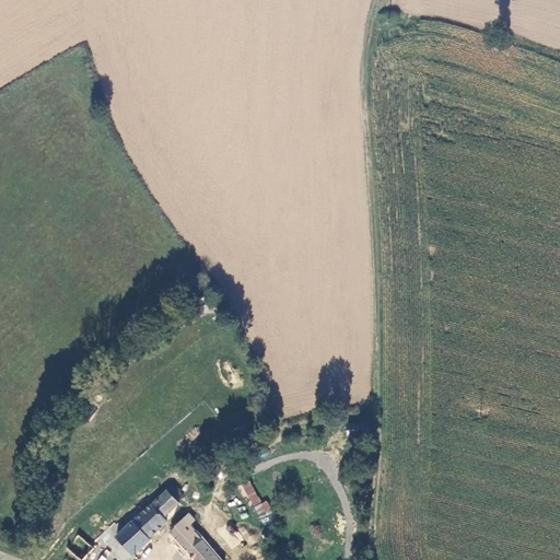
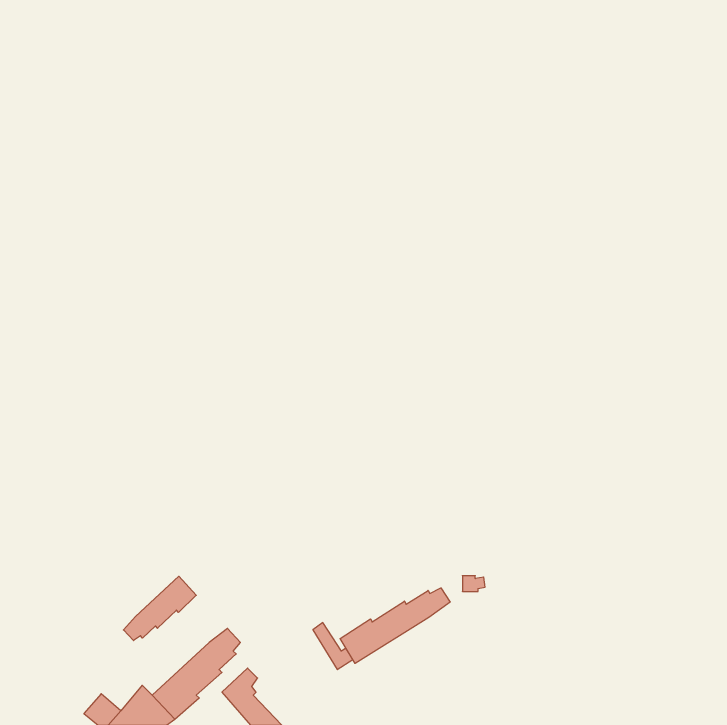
building: none -> [123,576,196,641]
building: none -> [340,588,450,663]

